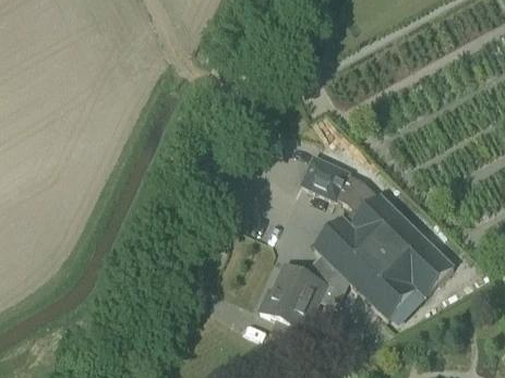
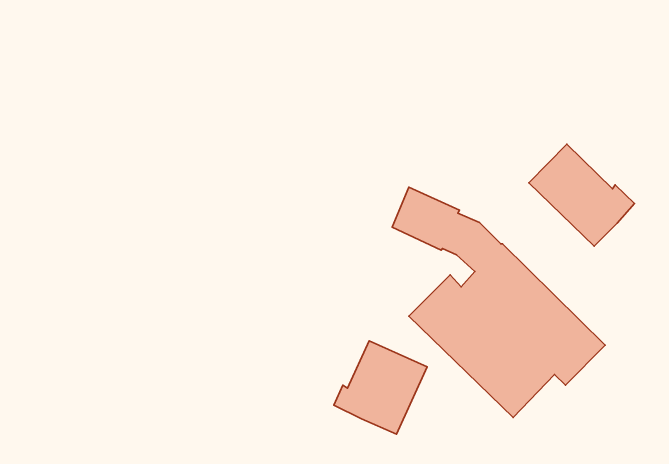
building: none -> [529,144,634,246]

